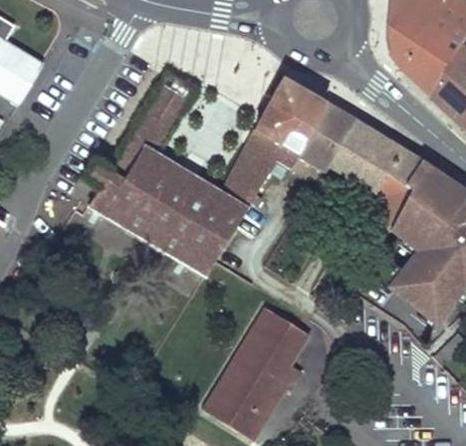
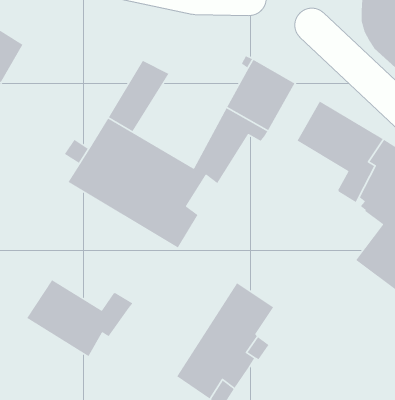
building: [294,102,352,176] -> none
building: none -> [26,279,133,357]

